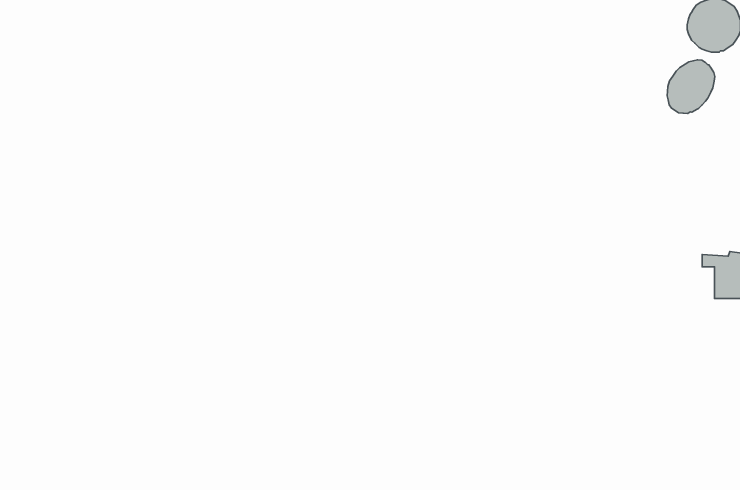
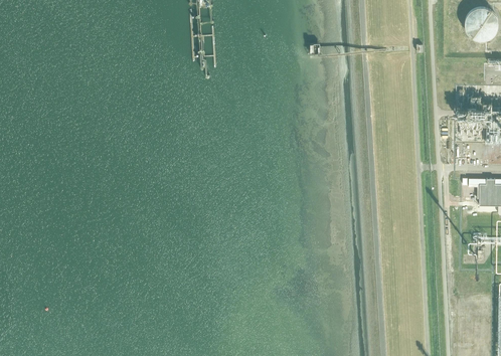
building: [667,60,715,113] -> none

